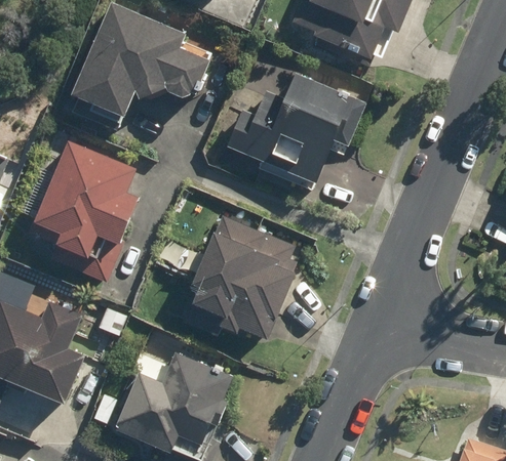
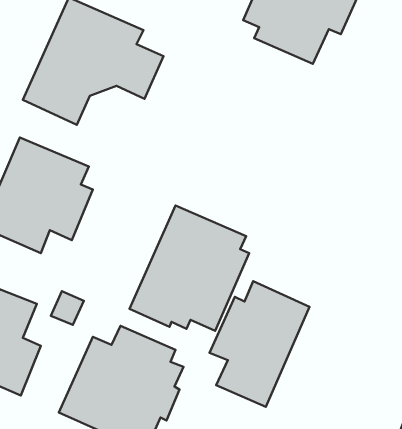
building: [224,78,352,190] -> none
building: none -> [209,281,309,407]

